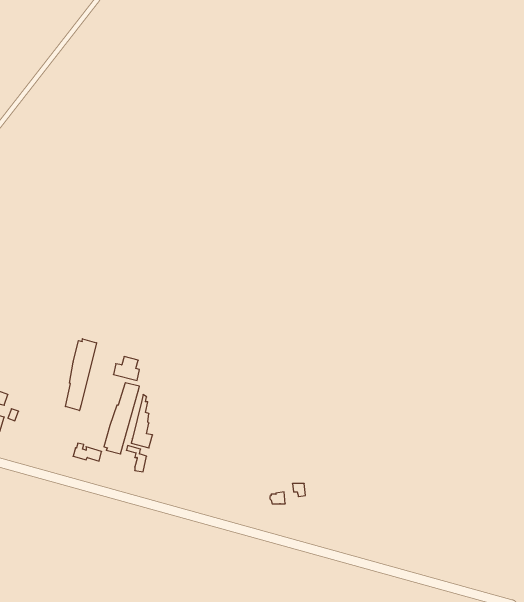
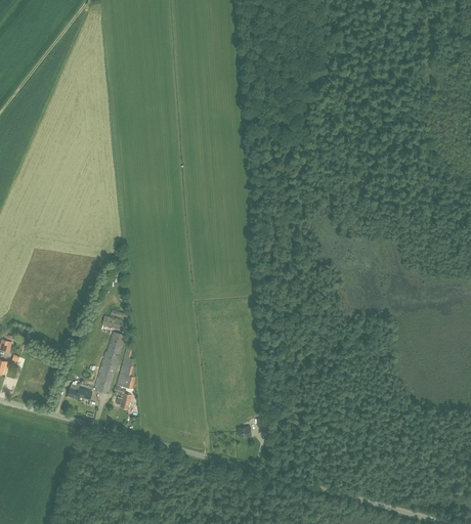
building: [65,339,97,411] -> none

